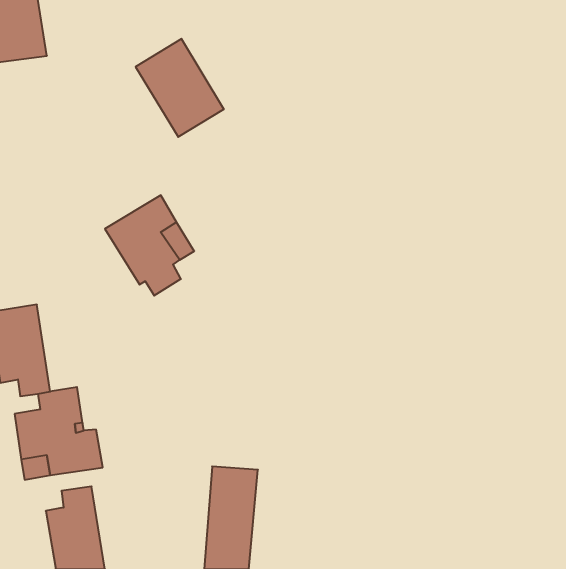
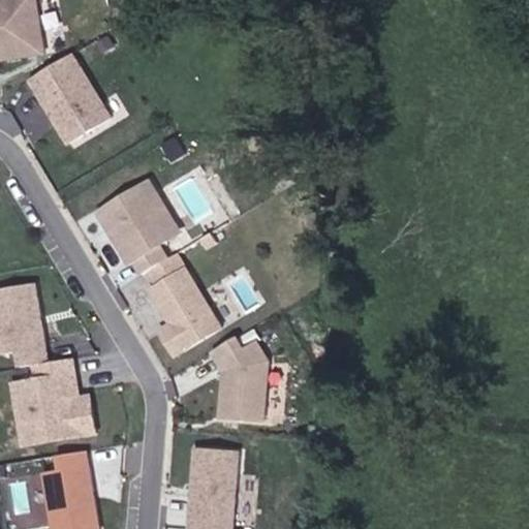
building: [136,39,224,137] -> [29,54,111,145]
building: none -> [150,268,220,355]
building: none -> [212,337,267,421]
building: none -> [11,473,40,520]

